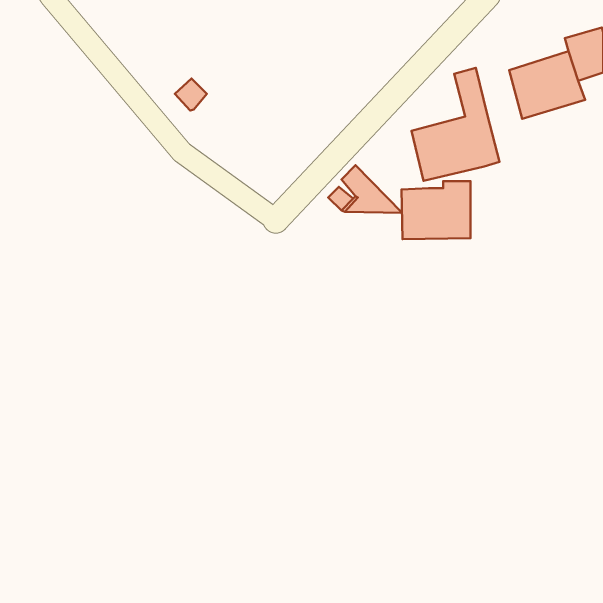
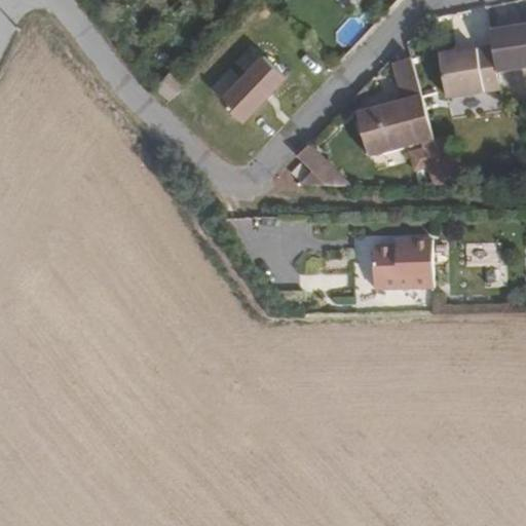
building: none -> [217,48,283,116]
building: [401,181,470,239] -> [370,234,429,285]

